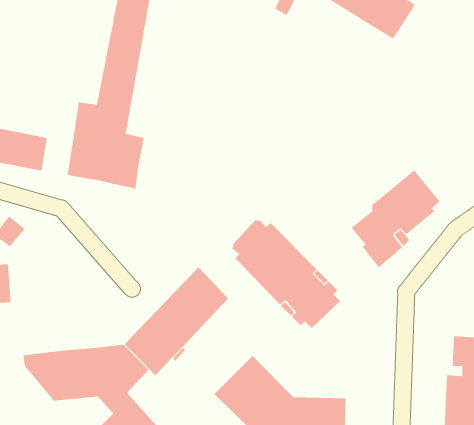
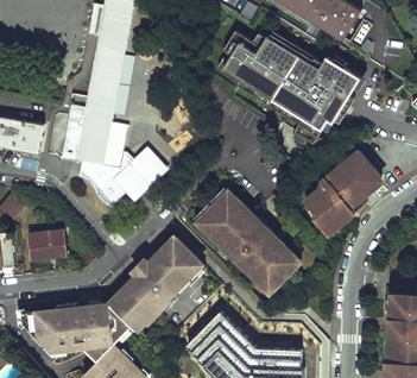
building: none -> [217,33,367,147]
building: none -> [84,150,165,207]
building: none -> [27,228,67,260]

